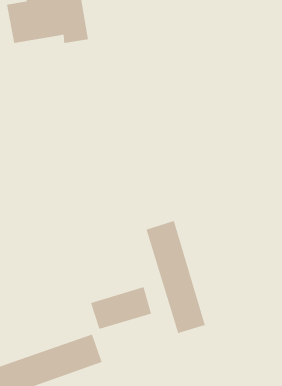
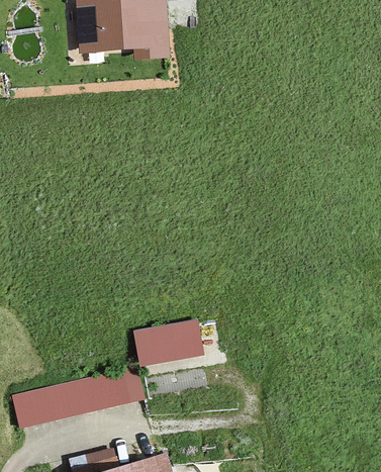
building: [146,220,206,334] -> none

